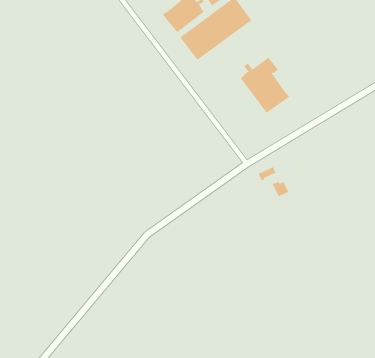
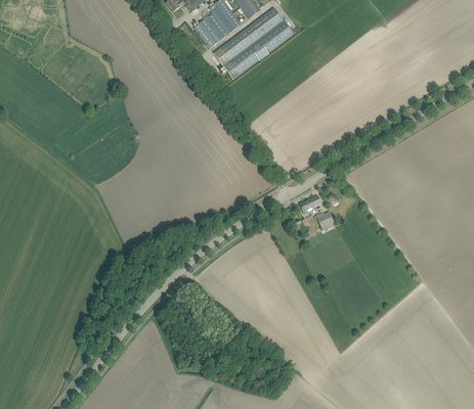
building: [240,57,290,114] -> none

